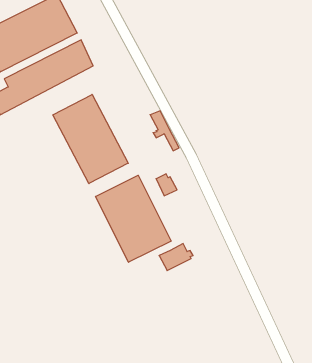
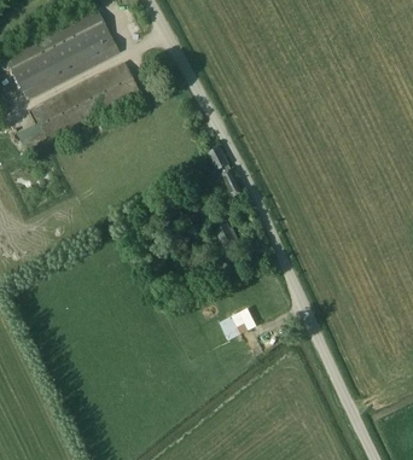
building: [53,94,128,184] -> none
building: [96,175,171,262] -> none

